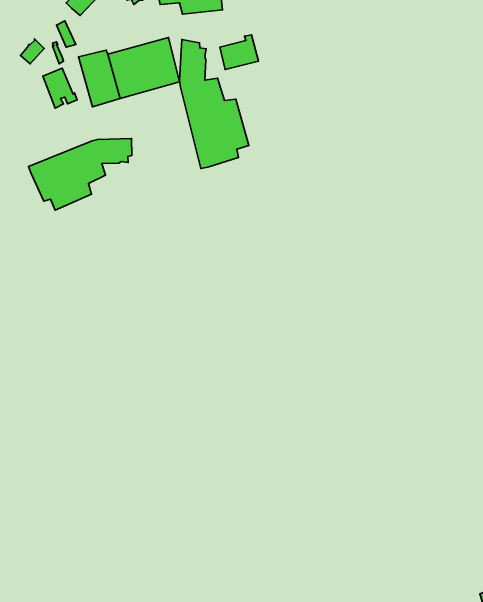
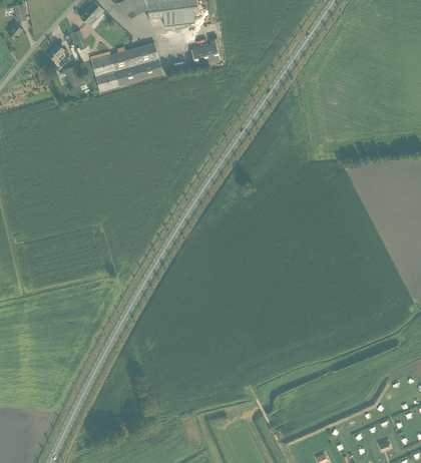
building: [179,40,249,168] -> none
building: [29,139,132,210] -> none

